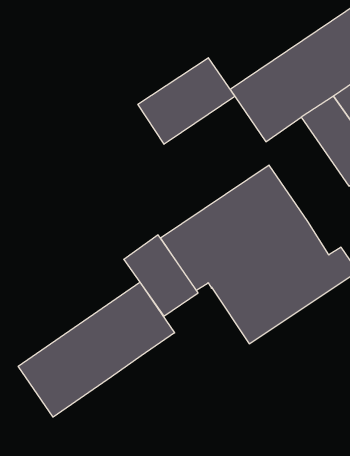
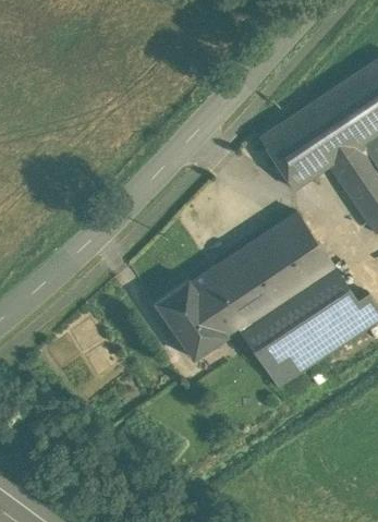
building: [138,58,235,144] -> none
building: [18,282,175,417] -> none

